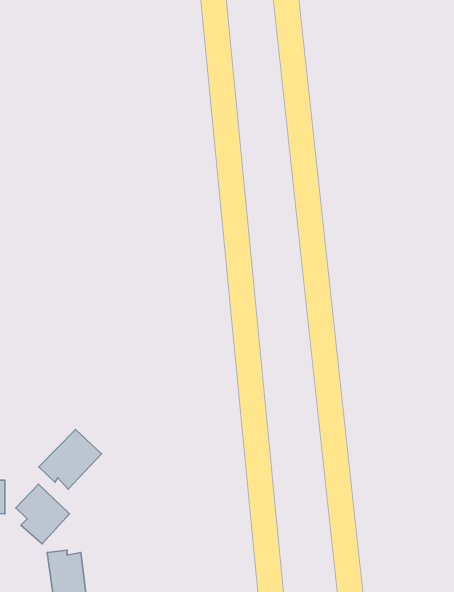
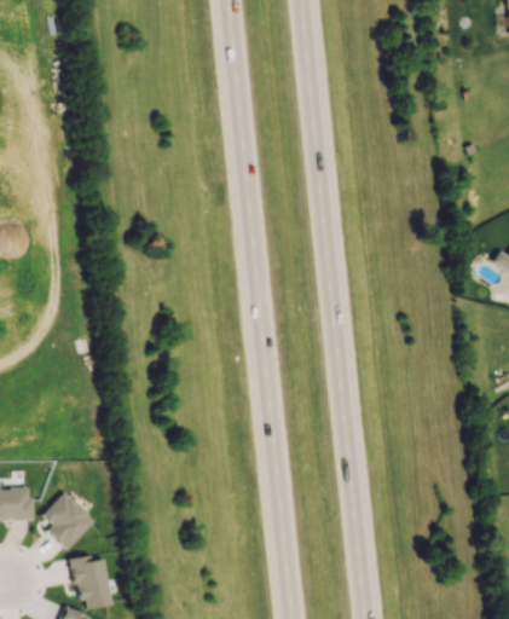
building: [39,430,102,489] -> none

